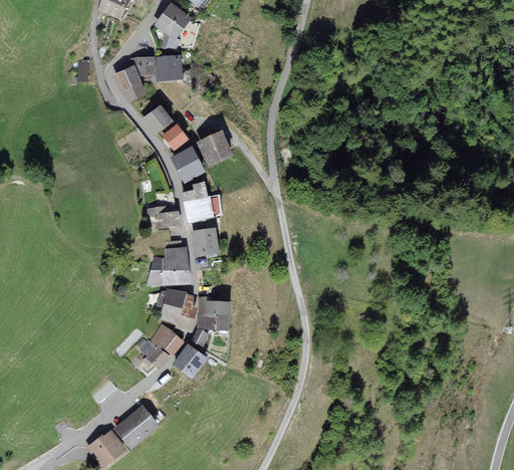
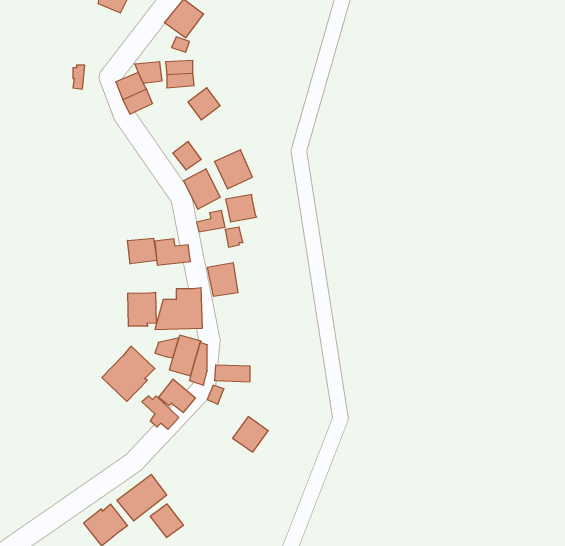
building: [144,105,171,133] -> [188,88,220,120]
building: [185,197,211,220] -> [226,195,257,222]
building: none -> [128,238,157,264]
building: none -> [128,292,156,326]
building: [199,297,229,314] -> none
building: none -> [102,346,155,401]
building: [175,345,205,376] -> [233,417,268,452]
building: none -> [150,504,183,538]

